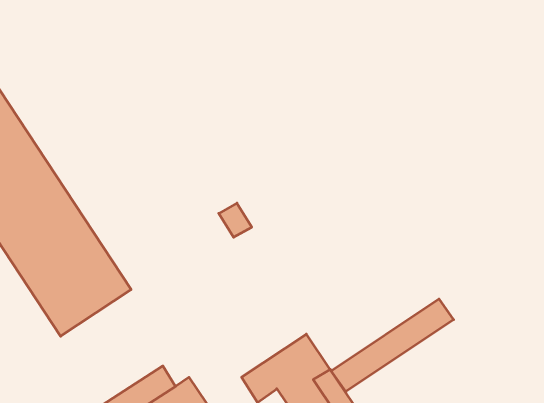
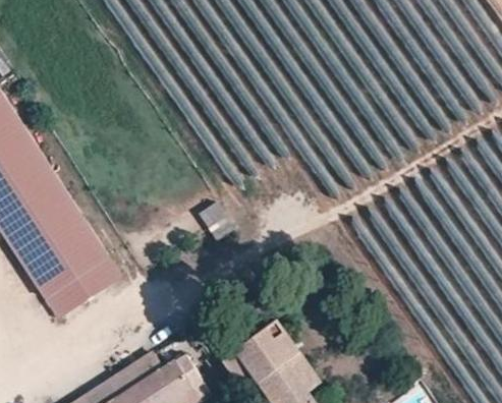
building: [331,299,454,392] -> none

